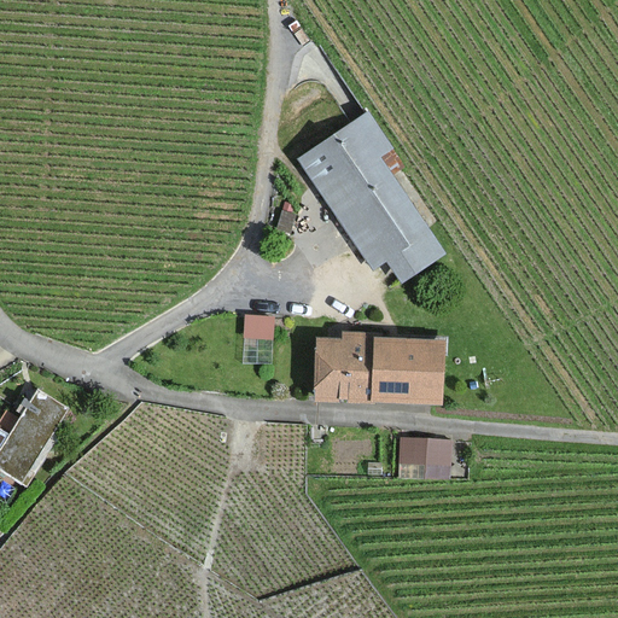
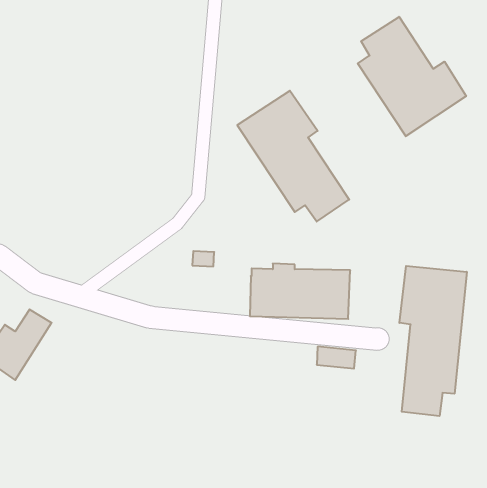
building: none -> [358,17,466,136]
building: none -> [399,266,467,416]

